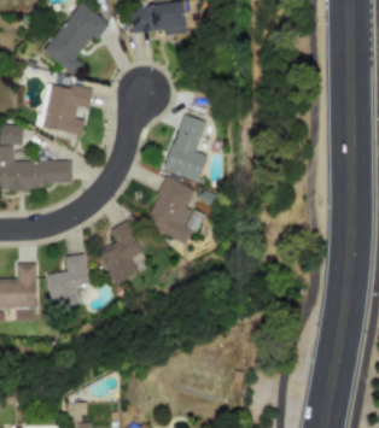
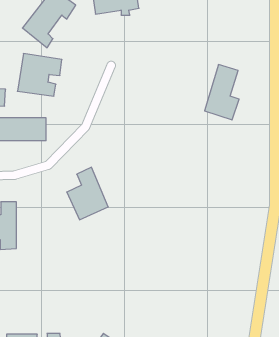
building: [164,113,206,181] -> [205,65,239,120]
building: [144,176,203,245] -> none
building: [46,253,89,307] -> none

